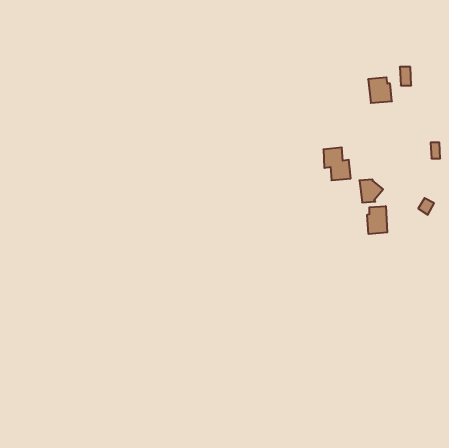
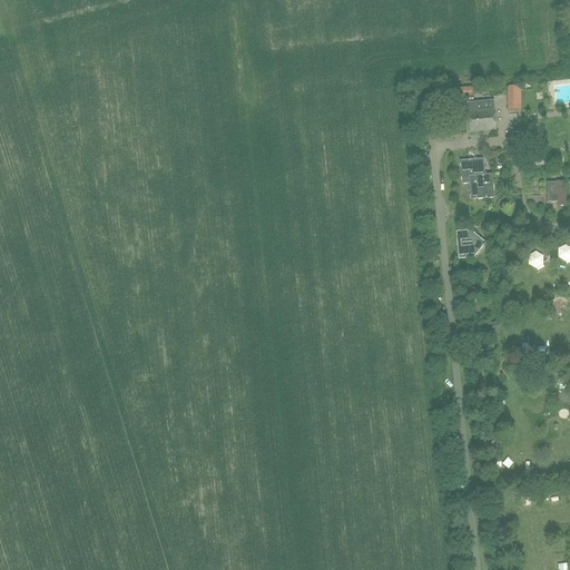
building: [323,148,351,180] -> [460,156,494,197]
building: [367,206,387,234] -> none

